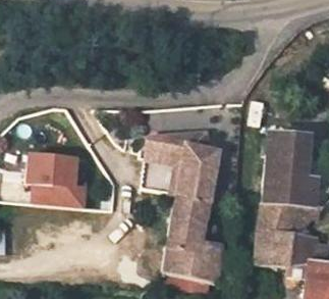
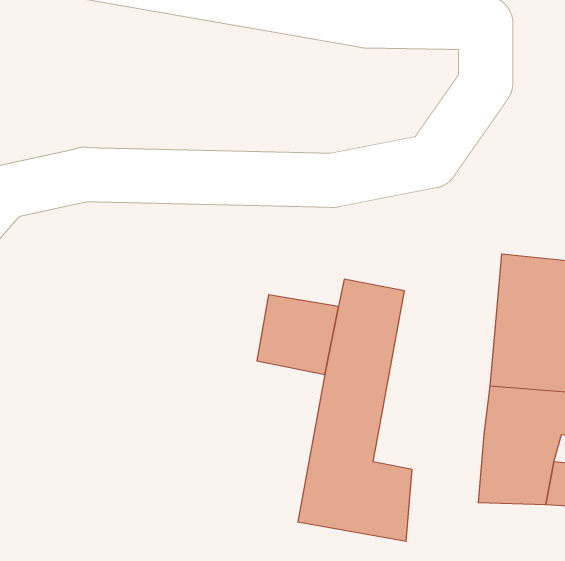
building: [147,138,206,163] -> none
building: [25,156,87,209] -> none

